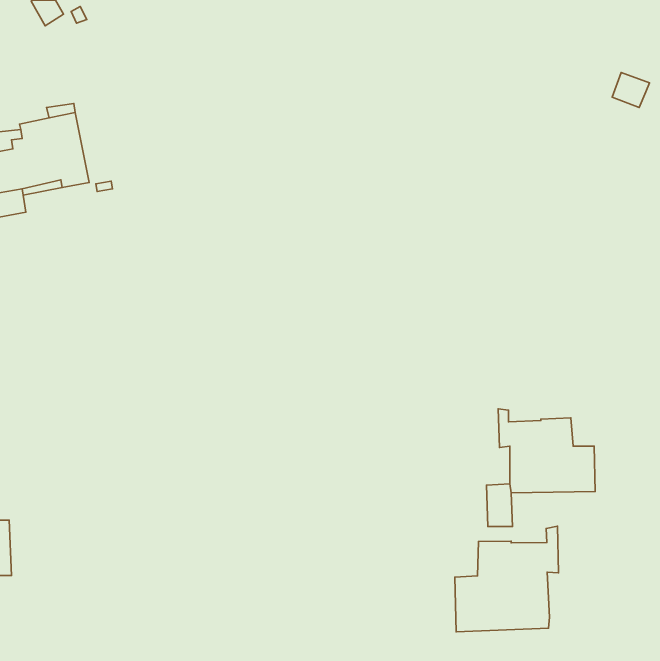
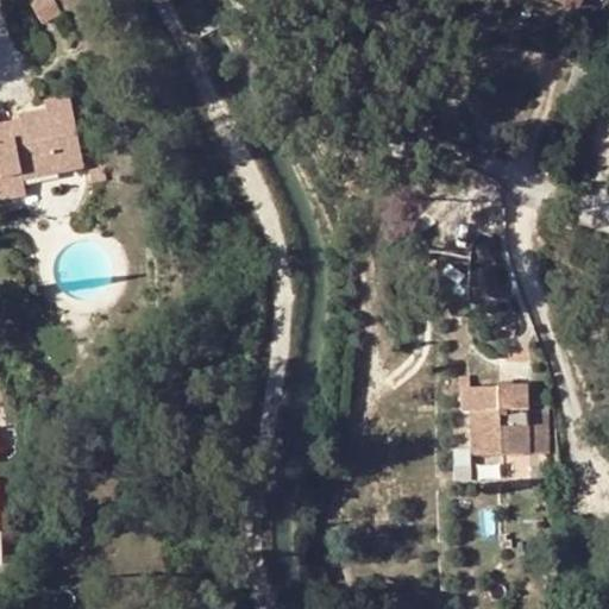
building: [455,526,558,632] -> none

